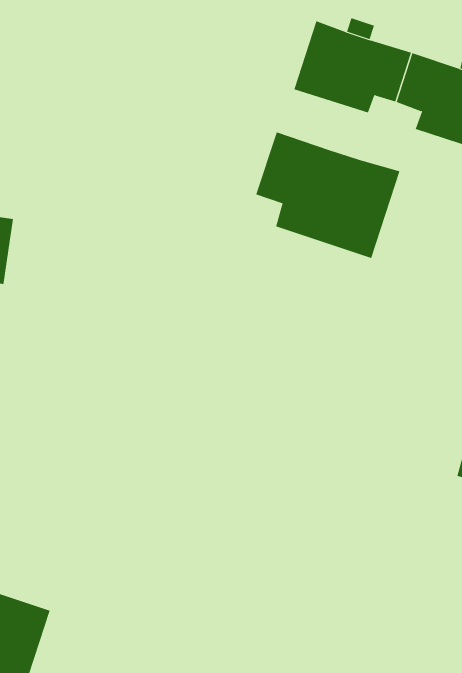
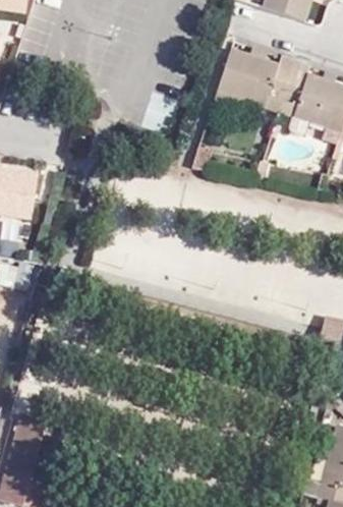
building: [256,131,400,259] -> none

